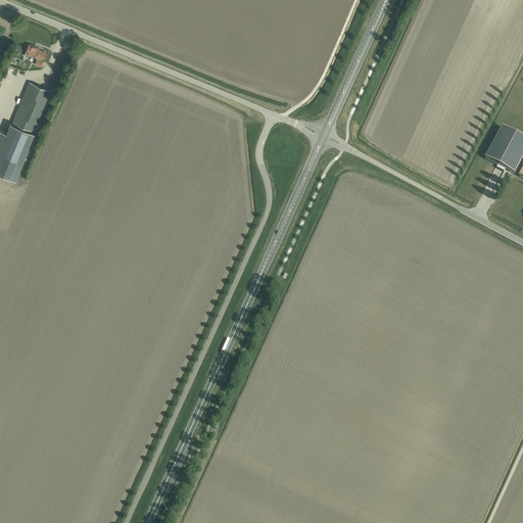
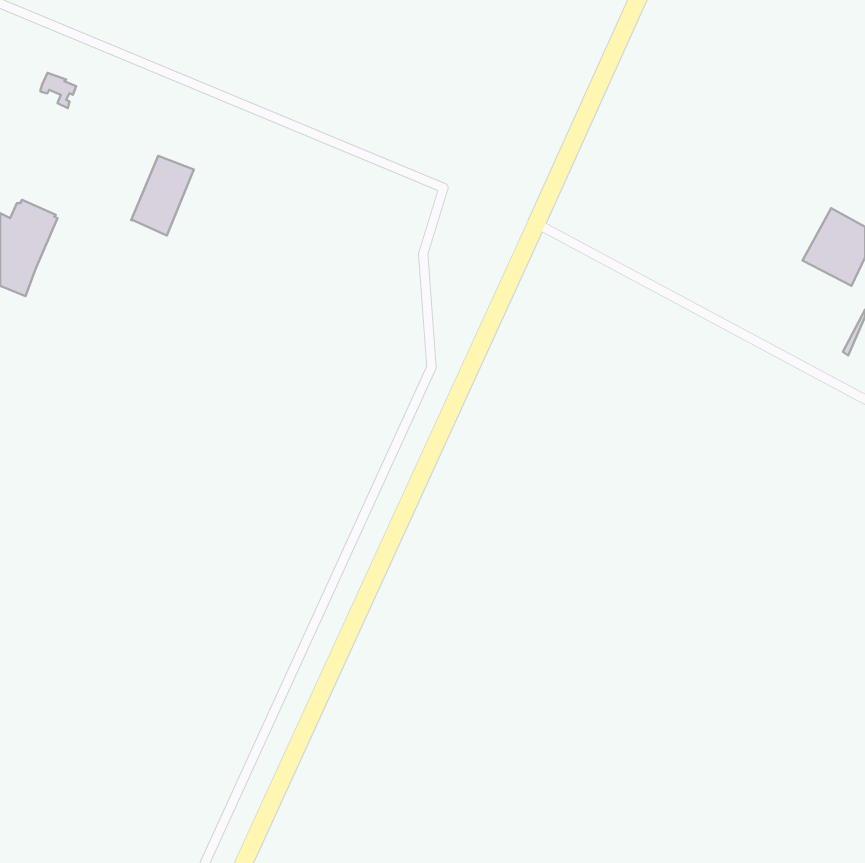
building: [12,82,50,130] -> [131,156,194,235]

